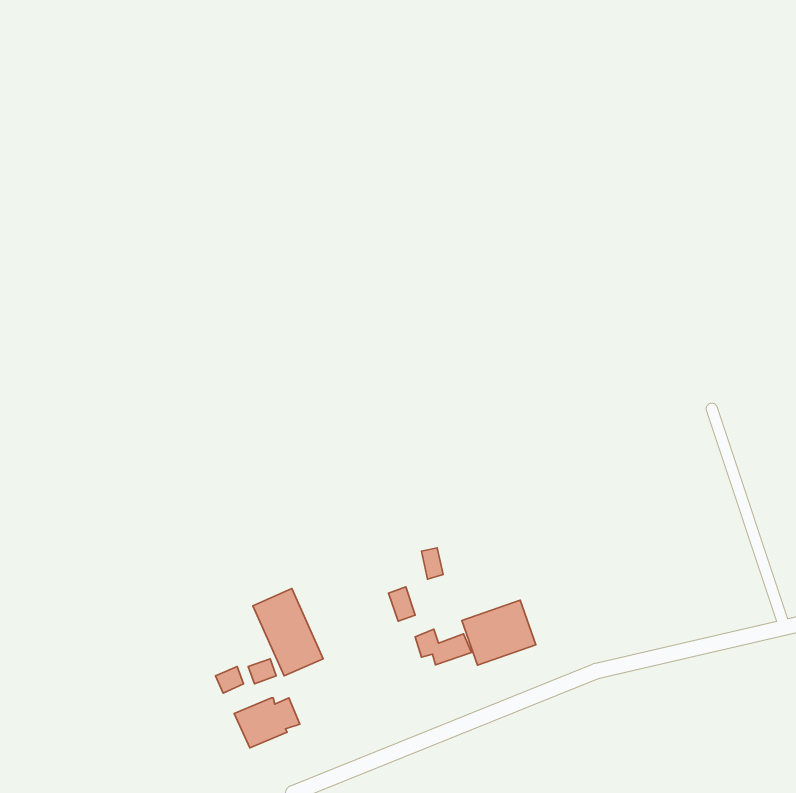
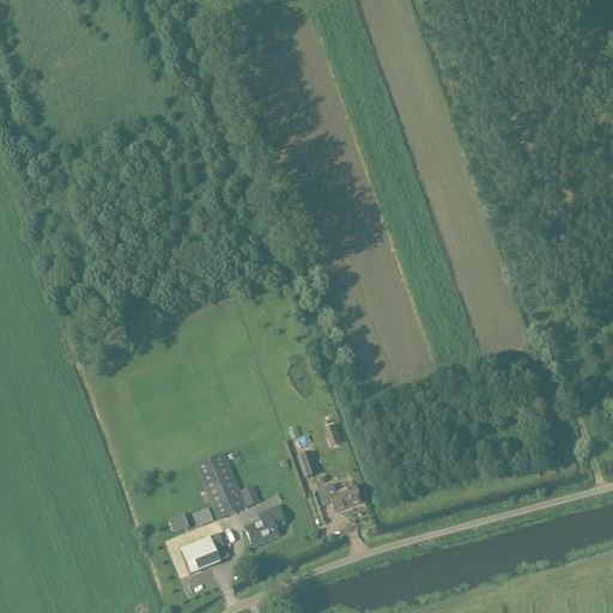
building: [462,600,536,665] -> none
building: none -> [247,504,286,545]

